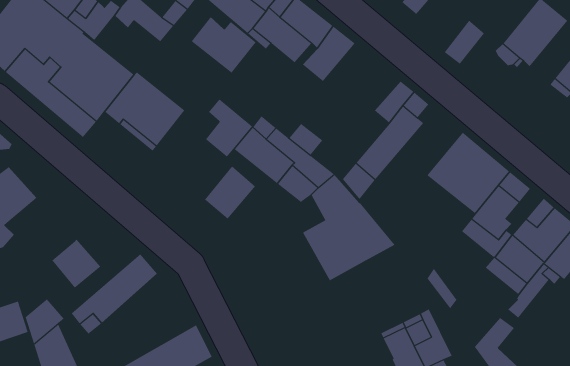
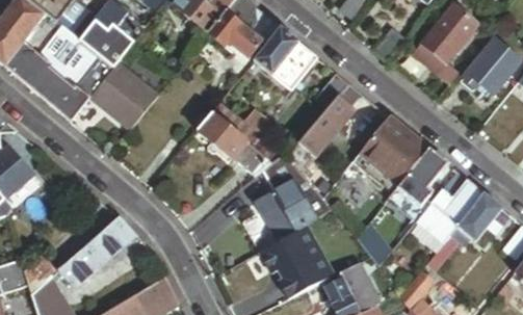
building: [191,16,257,73] -> [81,19,136,67]
building: none -> [272,42,317,88]
building: [205,98,253,158] -> none
building: [204,165,256,220] -> none
building: [51,239,101,289] -> none
building: none -> [252,224,331,297]

